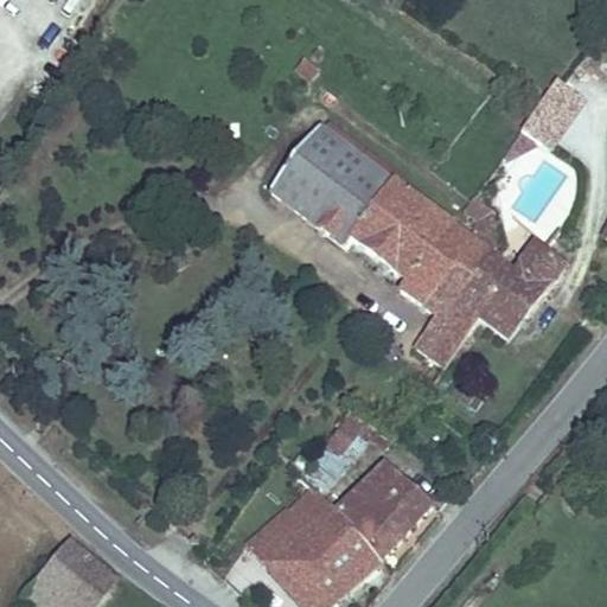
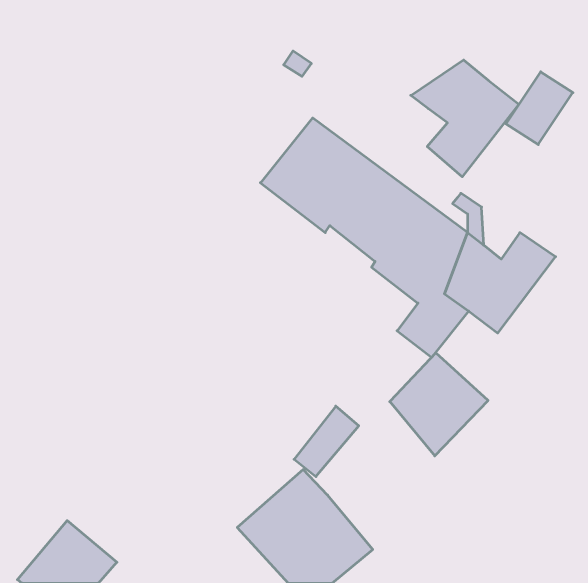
building: none -> [411,60,519,177]
building: [336,458,436,563] -> [390,353,488,456]

